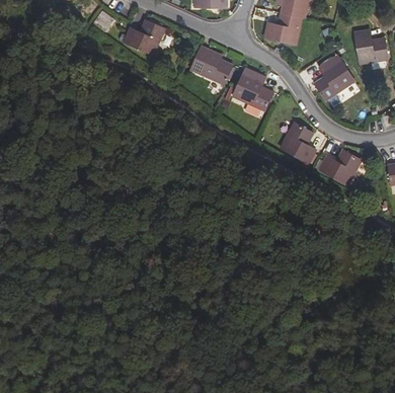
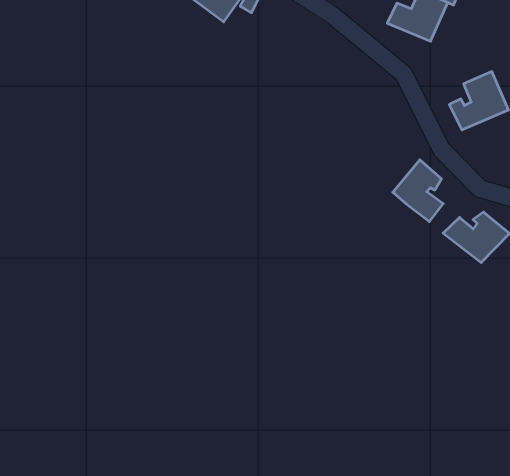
building: [188,47,230,84] -> none
building: [231,67,269,109] -> none

